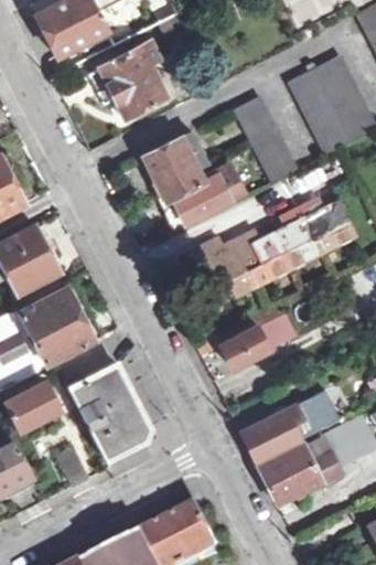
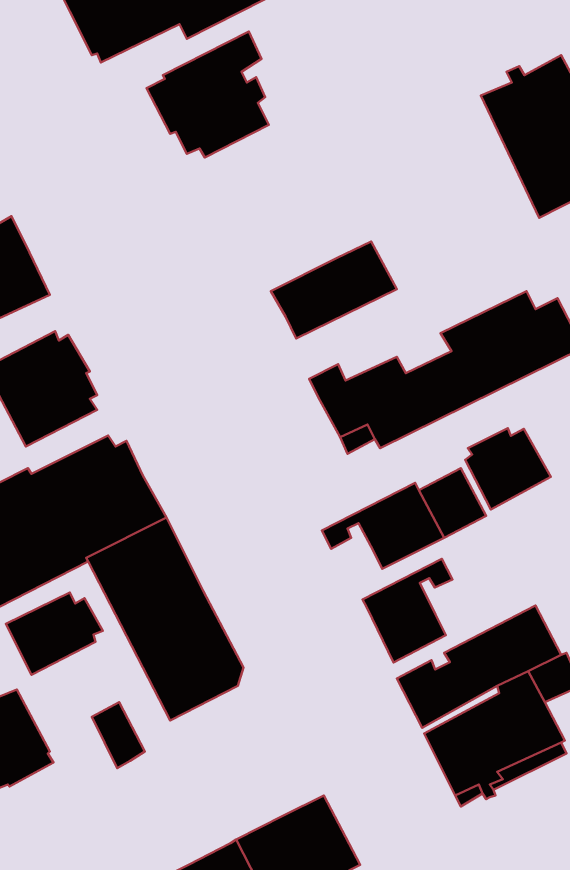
building: [234,96,298,182] -> none
building: [143,129,208,199] -> none
building: none -> [465,428,551,509]
building: none -> [362,559,453,662]

